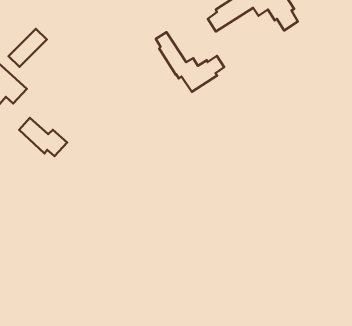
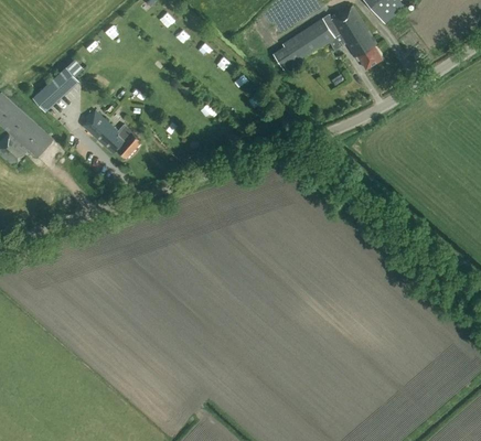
building: [156,32,224,92] -> none
building: [19,118,67,156] -> [82,110,140,157]

